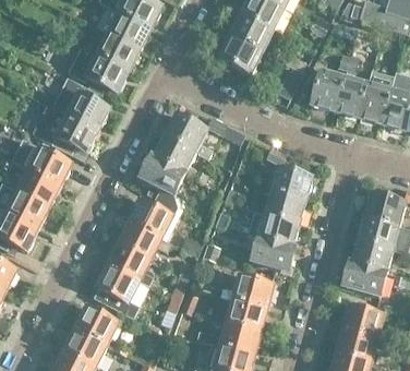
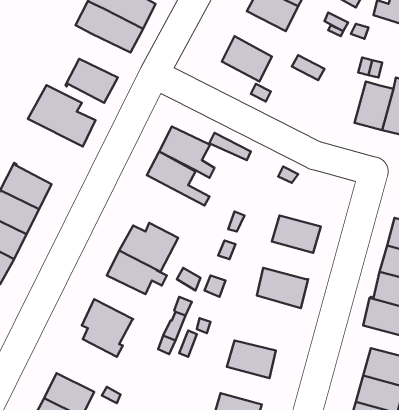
building: [231,12,276,51] -> none
building: [81,24,141,70] -> none
building: [312,67,346,109] -> none
building: [32,104,99,152] -> none
building: [142,154,188,210] -> none
building: [270,166,312,200] -> none
building: [244,210,300,246] -> none
building: [109,240,155,285] -> none
building: [217,274,274,308] -> none
building: [76,306,121,344] -> none
building: [196,322,262,355] -> none

